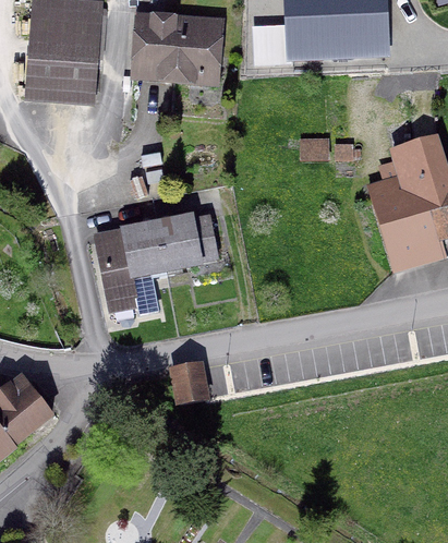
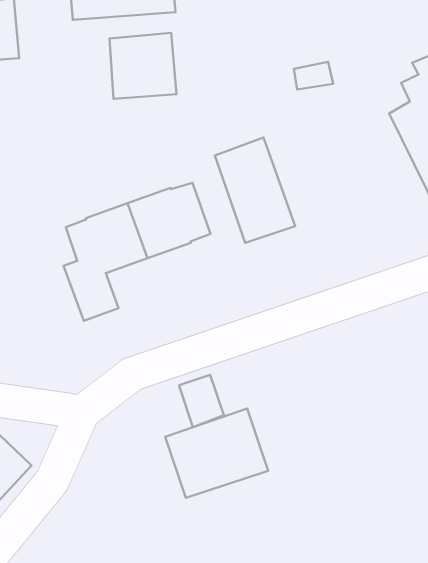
building: none -> [110,33,177,99]
building: none -> [215,138,295,243]
building: none -> [165,408,268,498]

